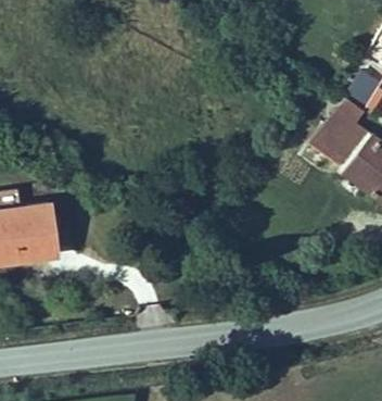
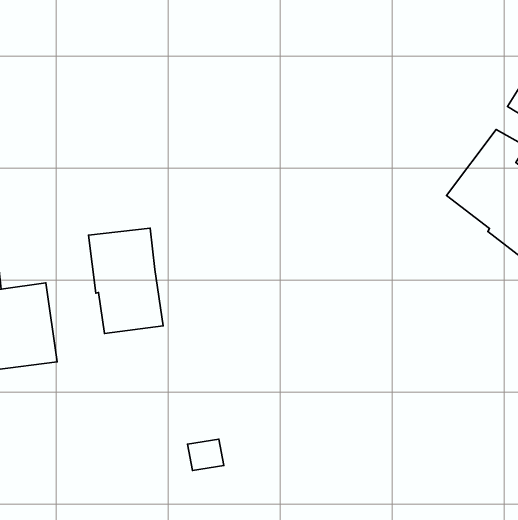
building: none -> [88,228,163,333]

